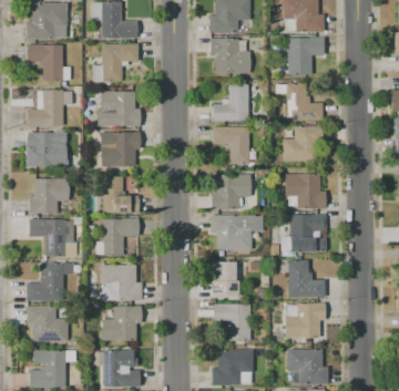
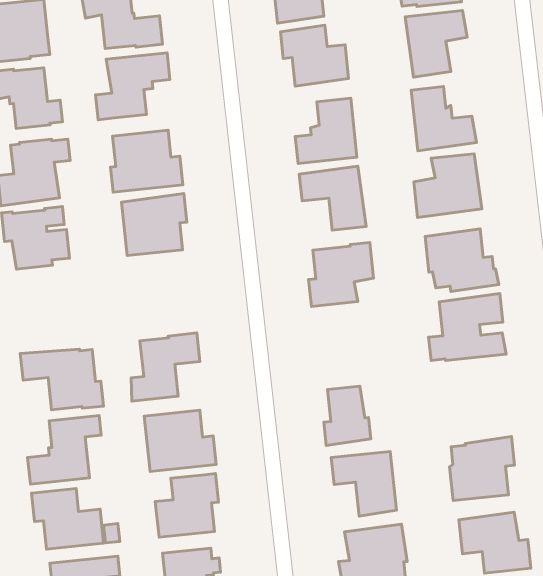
building: [103,176,140,214] -> none
building: [30,179,70,214] -> none
building: [211,215,264,250] -> none
building: [289,260,325,297] -> none

